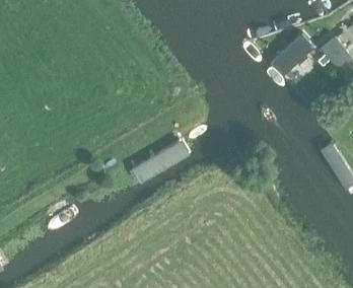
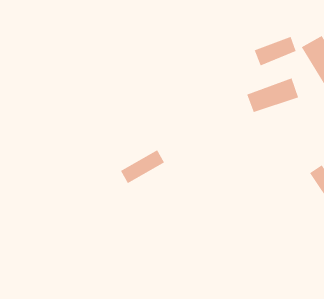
building: none -> [246,77,299,113]

